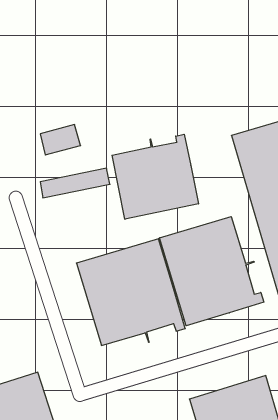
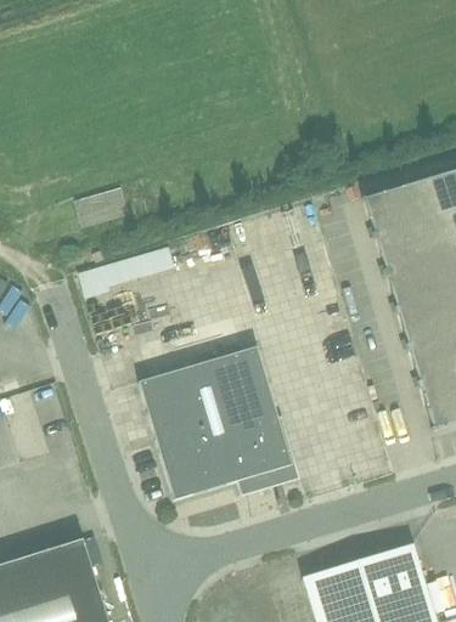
building: [112,134,198,219] -> none
building: [160,217,264,326] -> none

